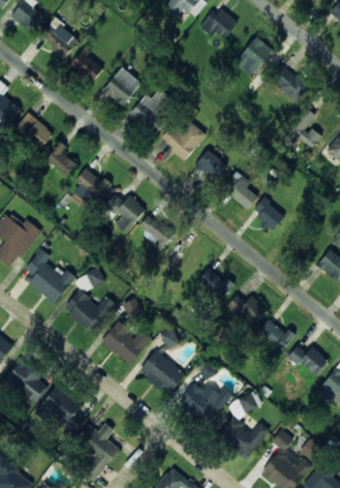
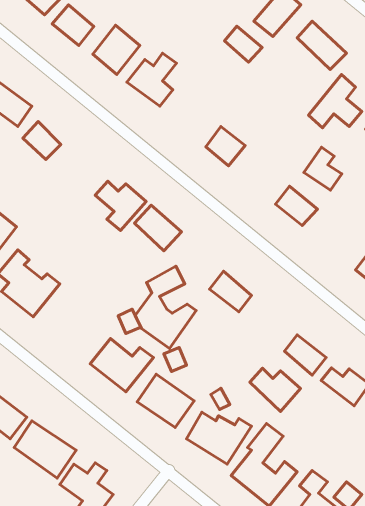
building: none -> [224,26,262,62]
building: [160,120,206,160] -> none
building: [73,167,111,207] -> none
building: [226,174,257,209] -> [304,147,342,190]
building: [65,267,115,334] -> [135,266,196,349]
building: [226,294,268,329] -> [250,368,301,411]

